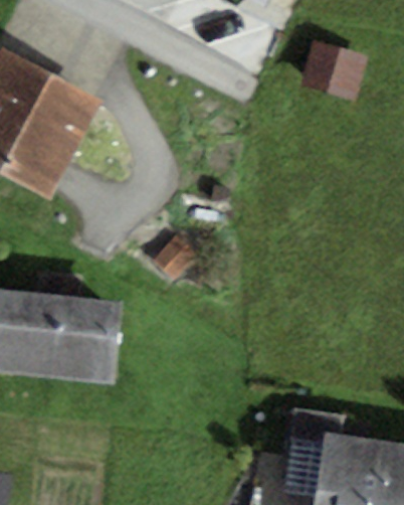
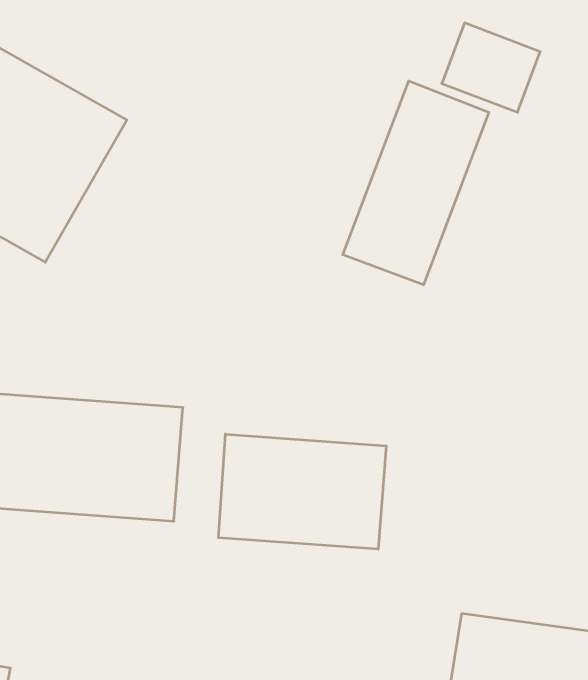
building: none -> [343,81,489,285]
building: none -> [218,434,386,549]

